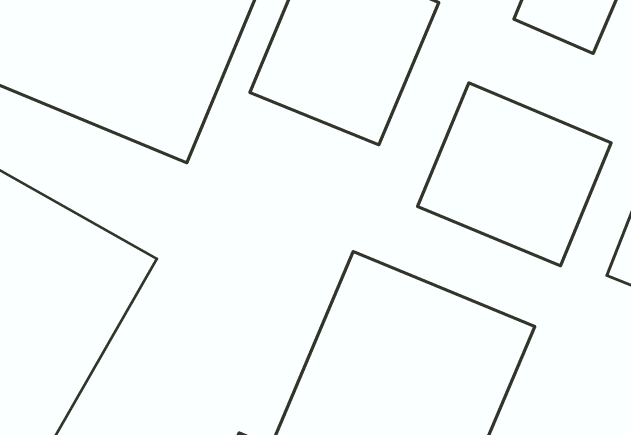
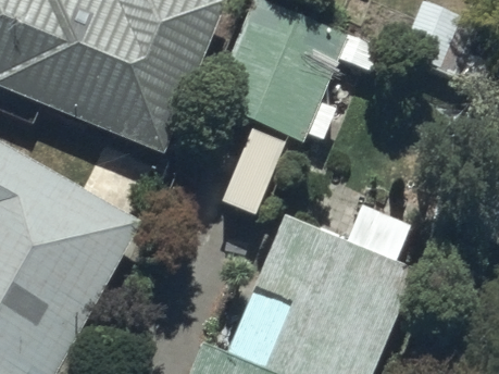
building: [417,83,611,266] -> none

